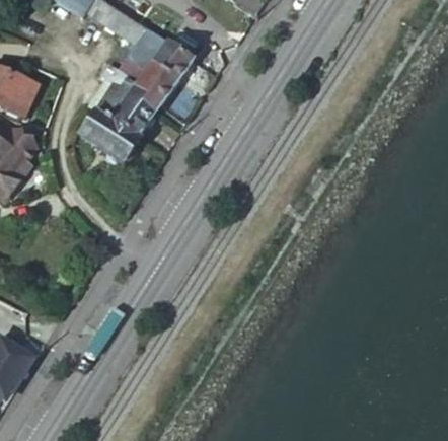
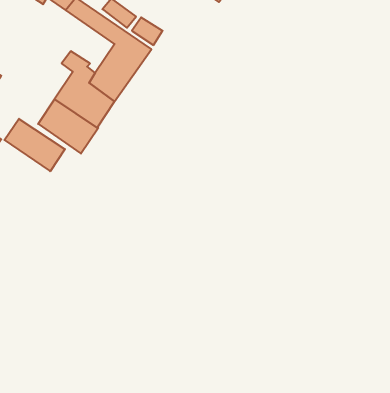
building: none -> [4,119,65,171]

